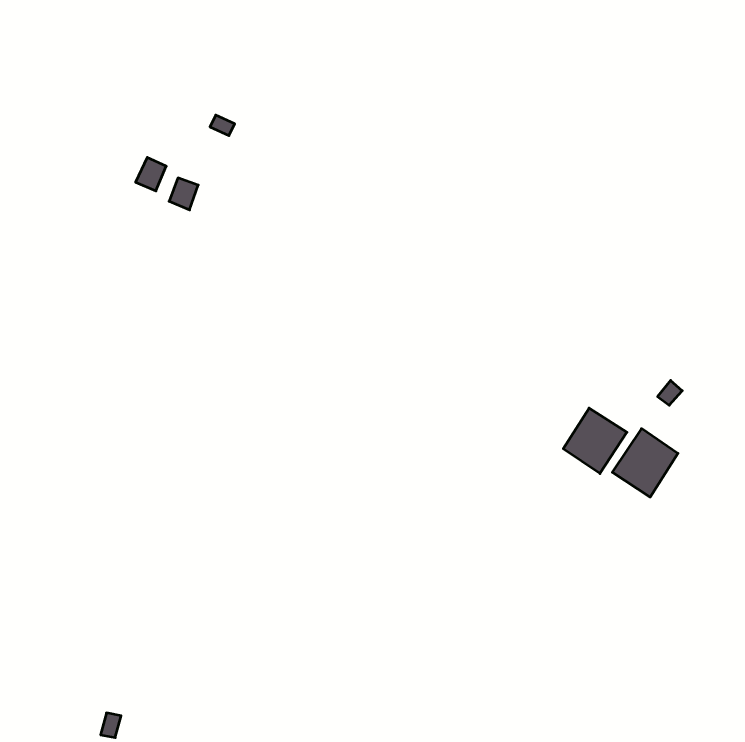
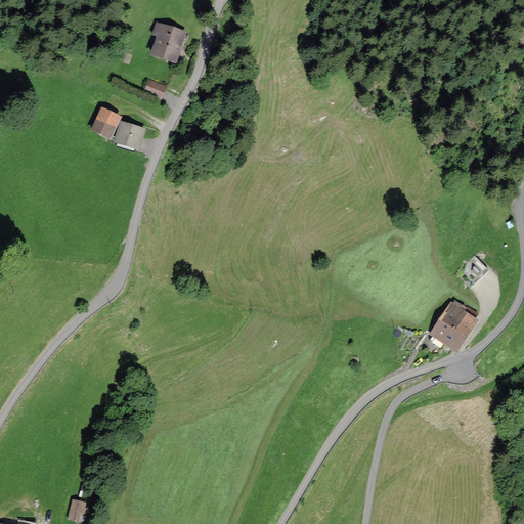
building: none -> [154,28,182,60]
building: [563,408,627,474] -> none

